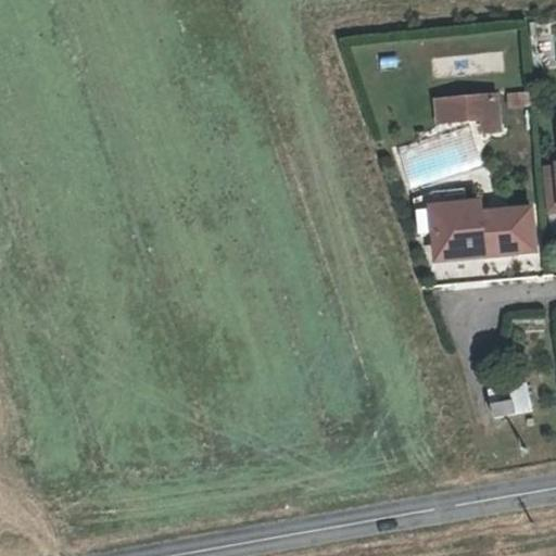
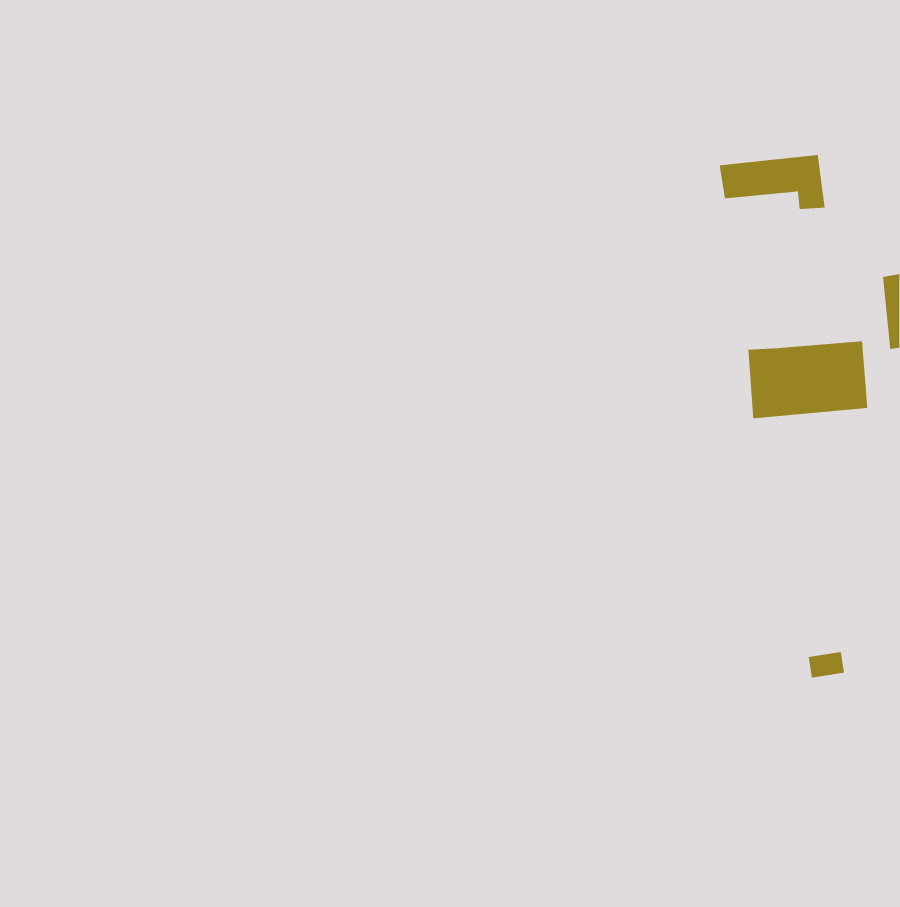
building: [428,200,476,258] -> none

